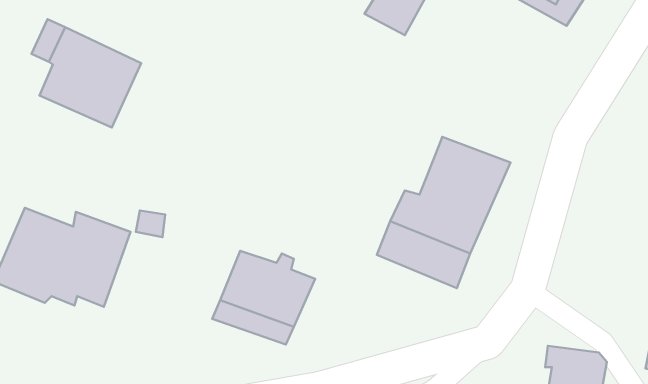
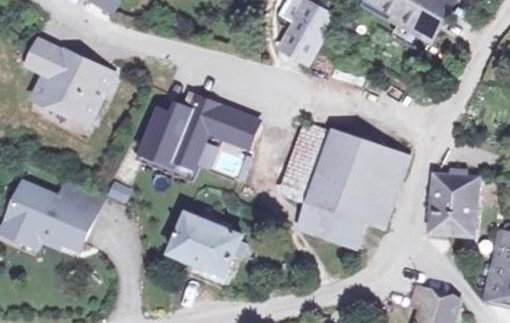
building: none -> [135,81,263,183]
building: none -> [278,117,335,191]
building: none -> [357,147,407,224]
building: none -> [433,173,480,232]

